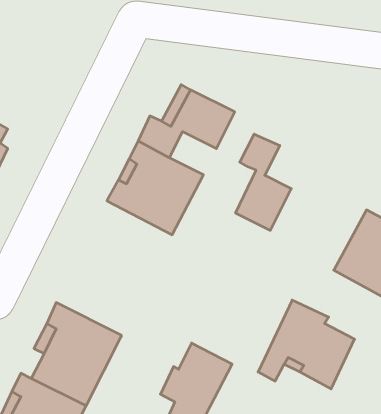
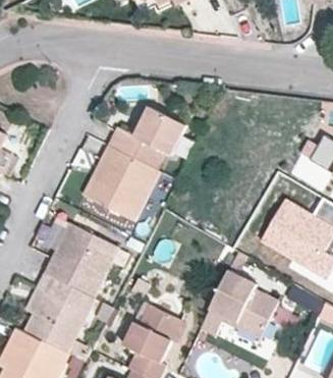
building: [236,134,291,230] -> none
building: none -> [44,222,121,298]

